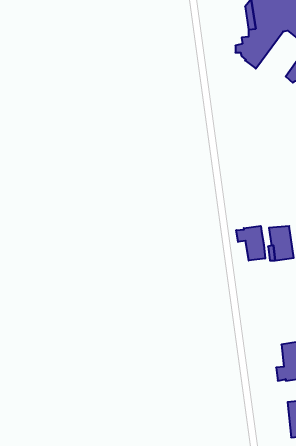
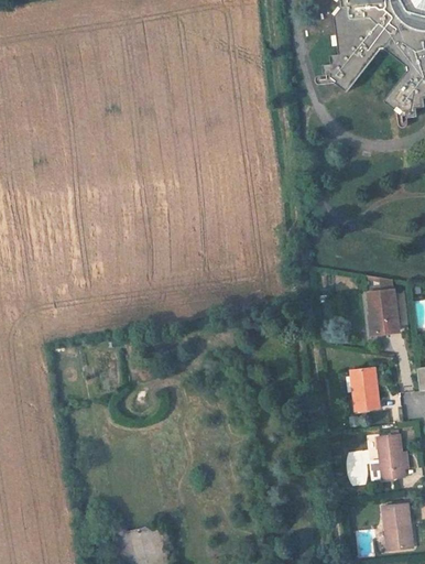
building: [236,226,265,261] -> none
building: none -> [351,368,381,410]

